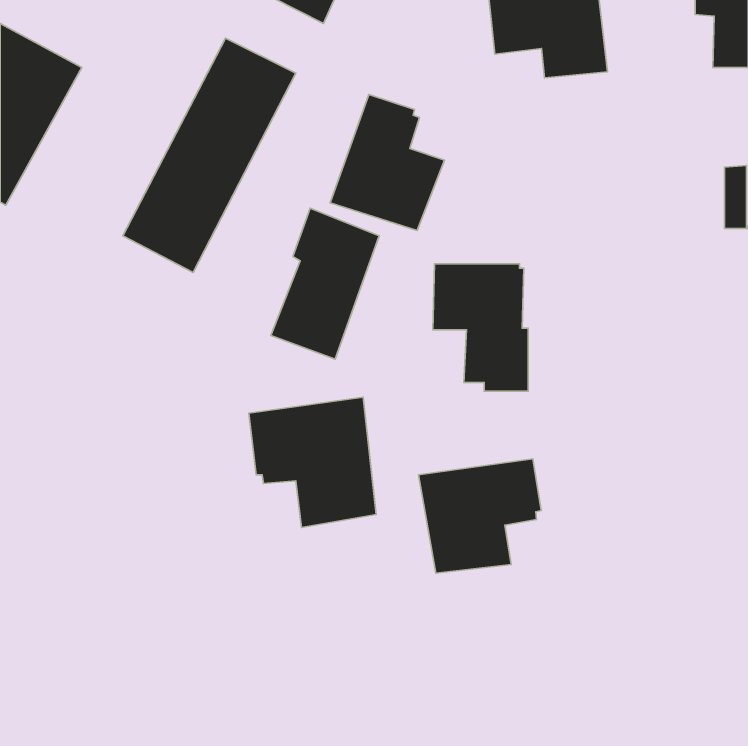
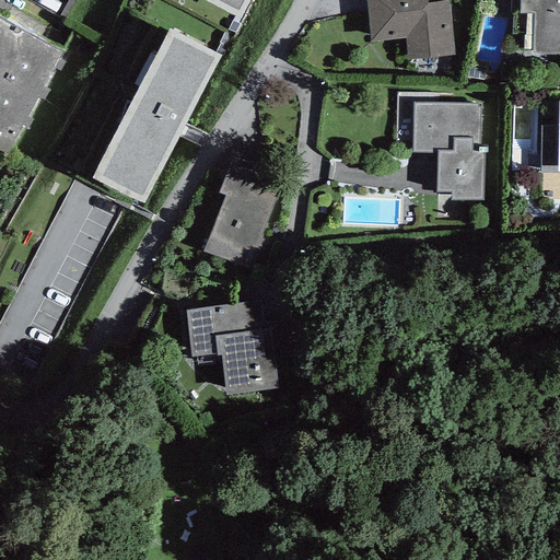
building: [330,94,445,231] -> none
building: [433,264,528,391] -> [412,102,483,197]
building: [419,459,541,573] -> none

